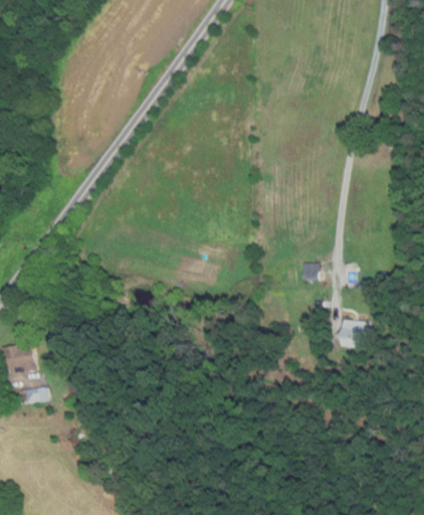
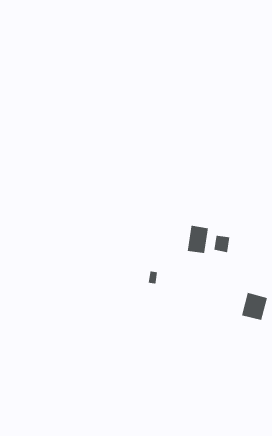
building: none -> [187,225,208,254]

